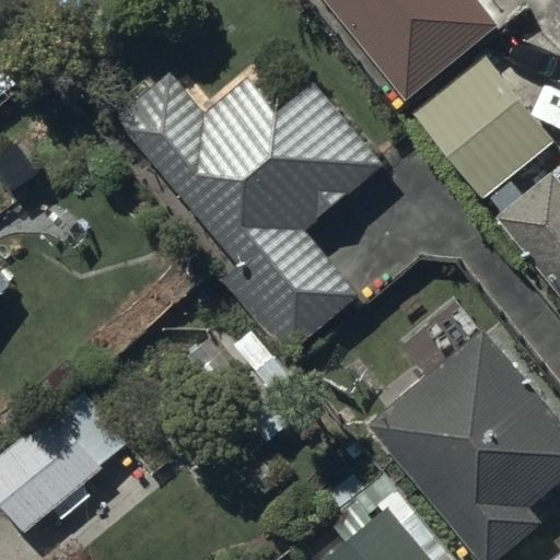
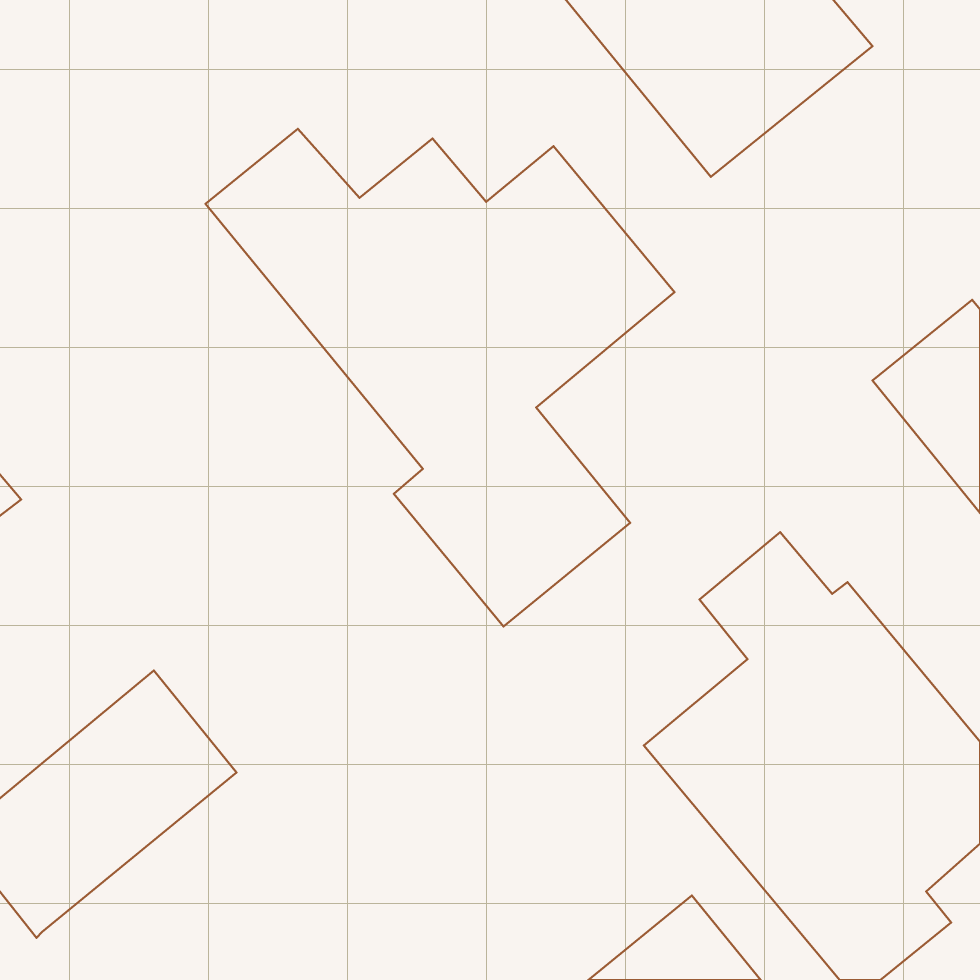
building: [413,57,552,199] -> none

